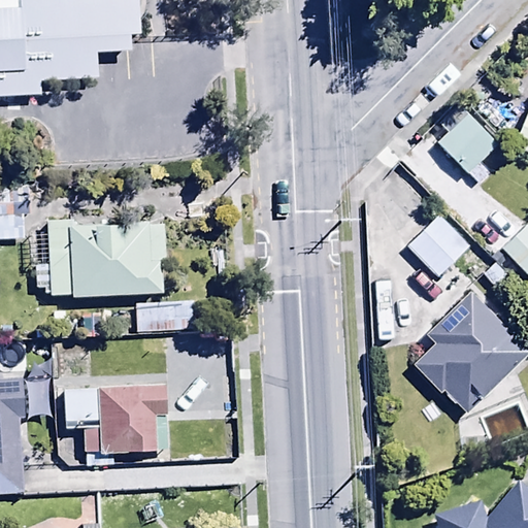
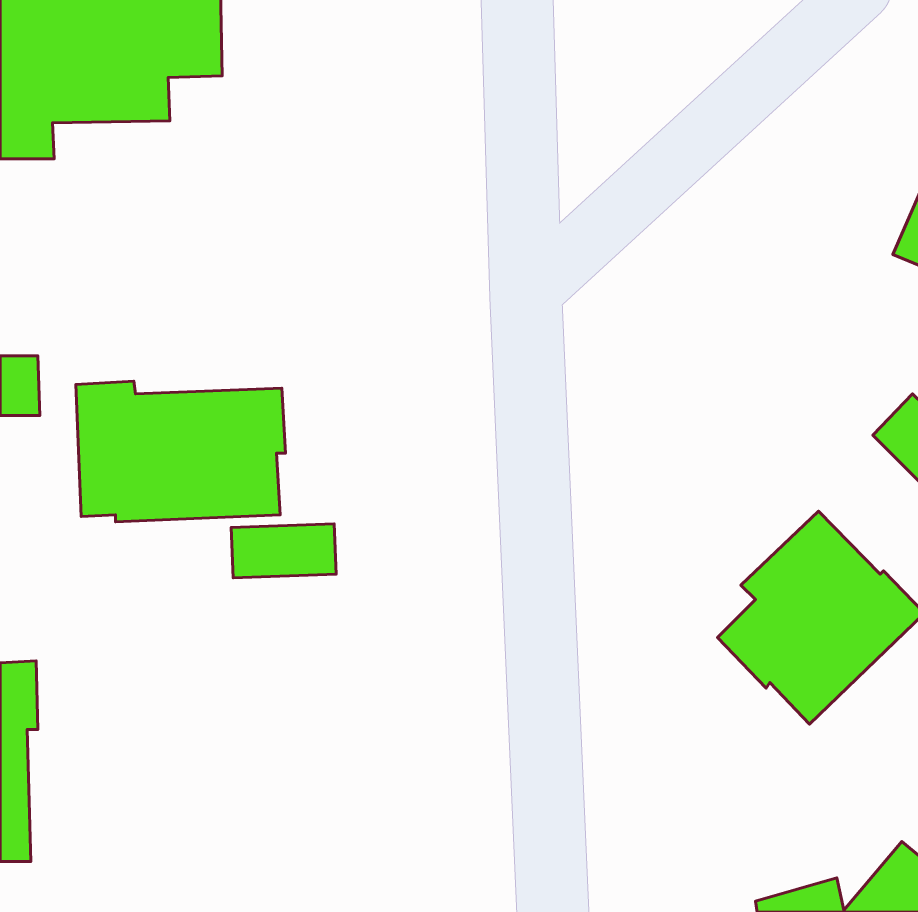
building: [436,111,499,180] -> none
building: [406,213,469,276] -> none
building: [64,386,166,454] -> none

